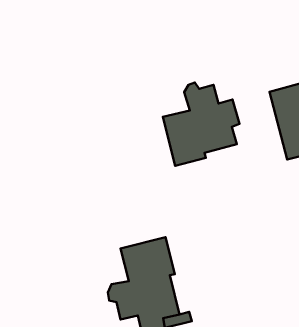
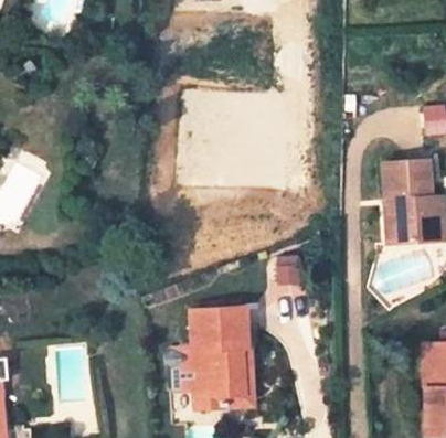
building: [163,83,240,166] -> none

